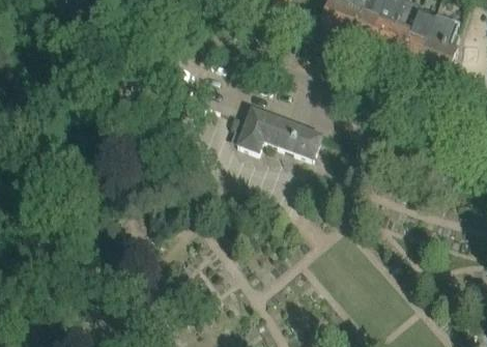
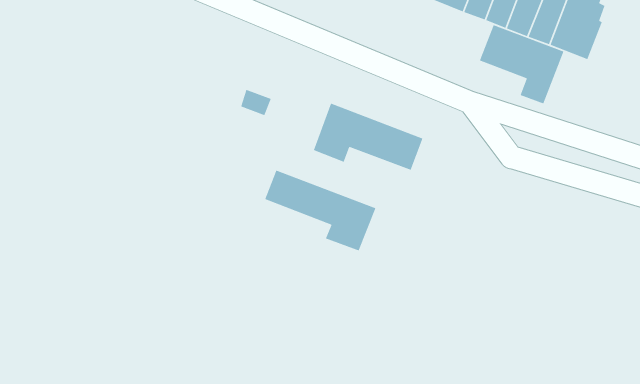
building: none -> [479,24,564,105]
building: none -> [264,170,376,252]

